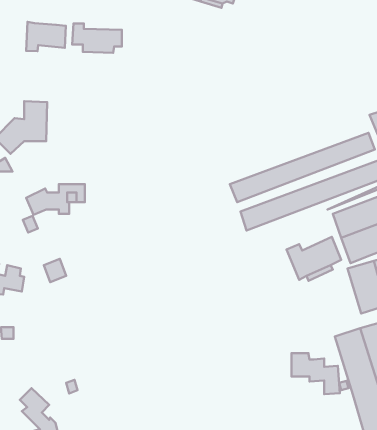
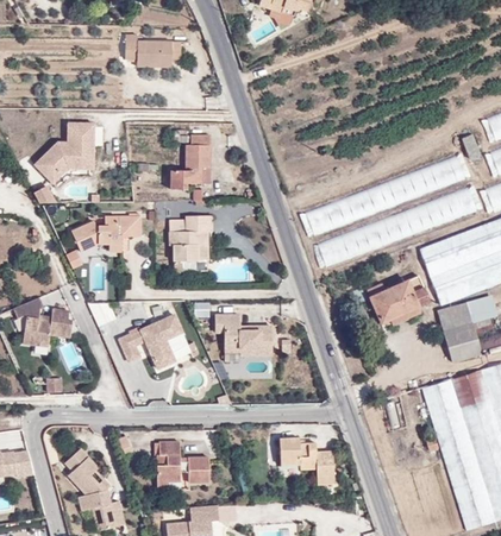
building: [26,22,66,51] -> none
building: none -> [170,134,211,189]
building: none -> [170,214,213,260]
building: none -> [118,314,182,368]
building: none -> [215,314,273,354]
building: [292,353,340,394] -> [280,436,334,483]
building: none -> [156,441,208,480]

